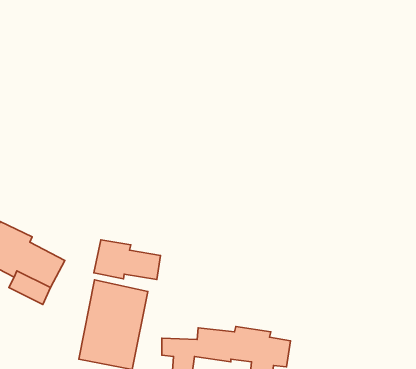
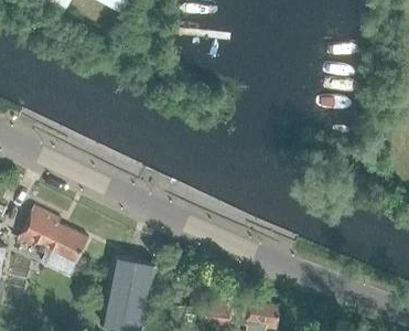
building: [94,240,160,280] -> none

